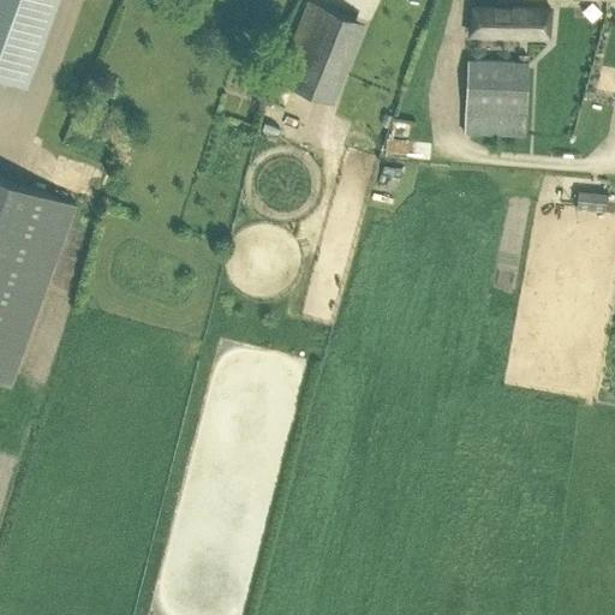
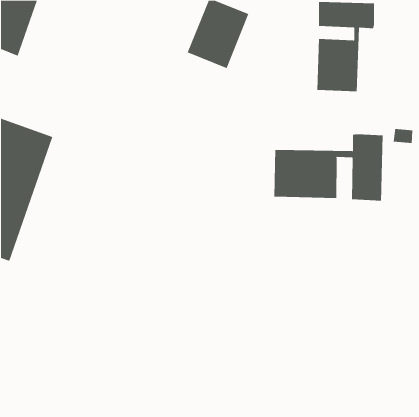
building: none -> [274,133,383,201]

